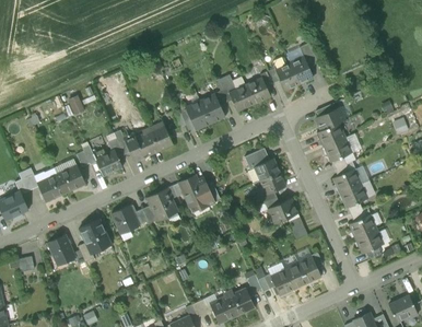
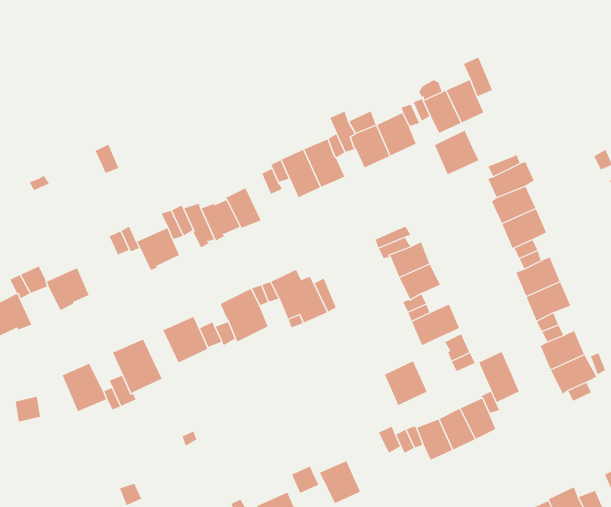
building: none -> [434,130,479,175]
building: [57,164,85,191] -> none
building: none -> [479,351,520,403]
building: [226,287,254,315] -> [384,361,428,406]

